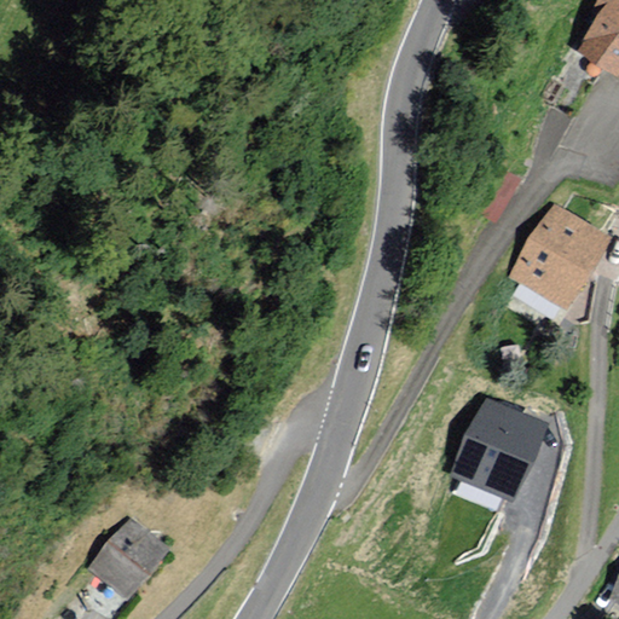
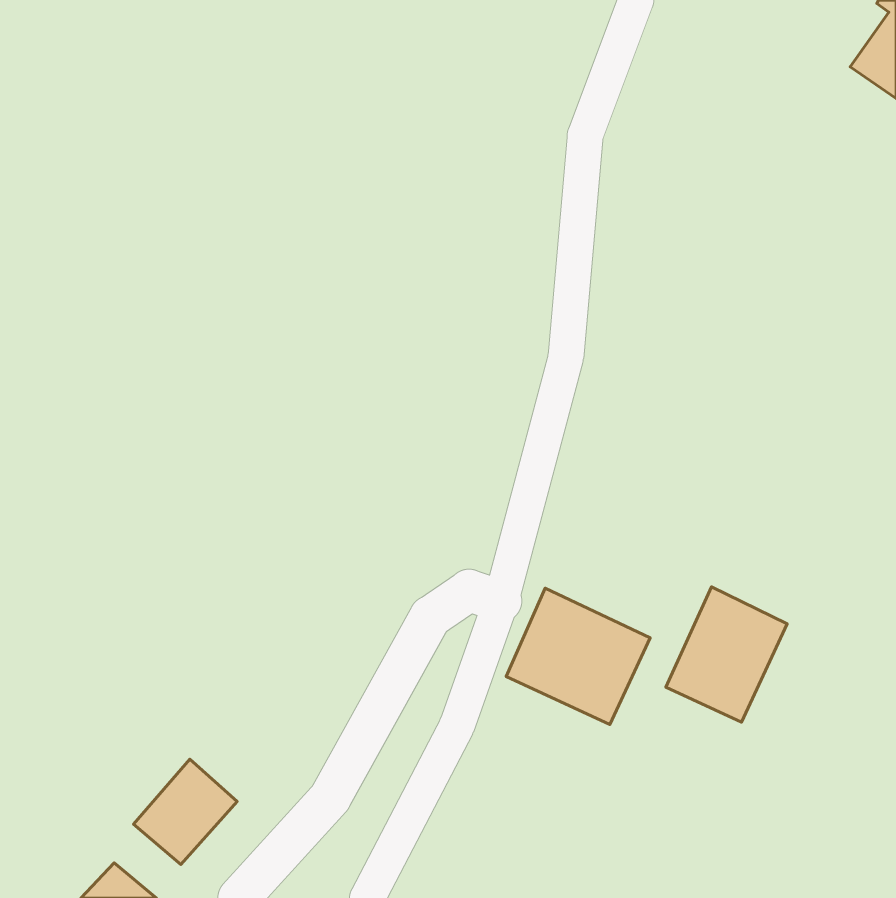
building: [515,209,606,305] -> none
building: none -> [506,588,650,725]

